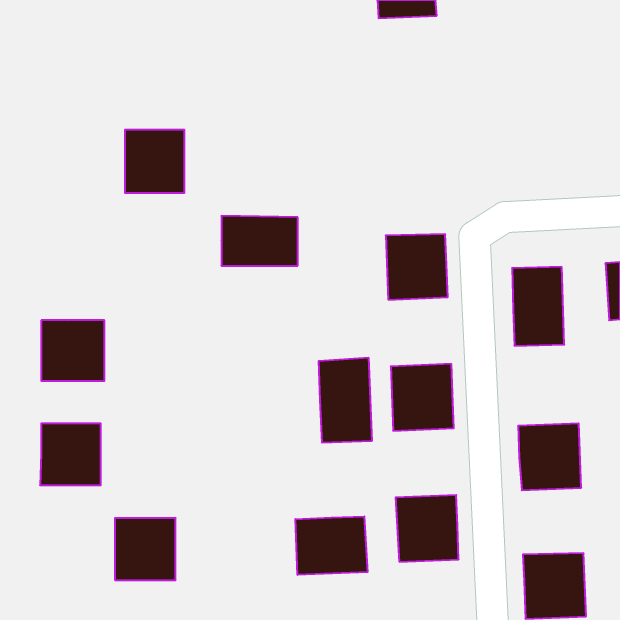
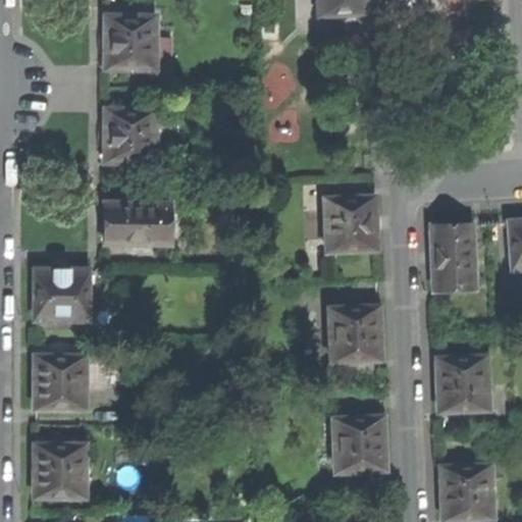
building: none -> [105,15,155,69]
building: [221,216,298,266] -> [105,202,169,244]
building: [319,358,372,443] -> none
building: [295,516,368,575] -> none
building: [115,518,176,580] -> [34,445,85,497]

